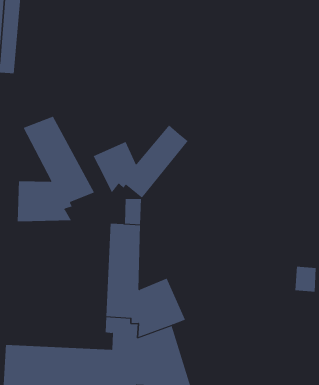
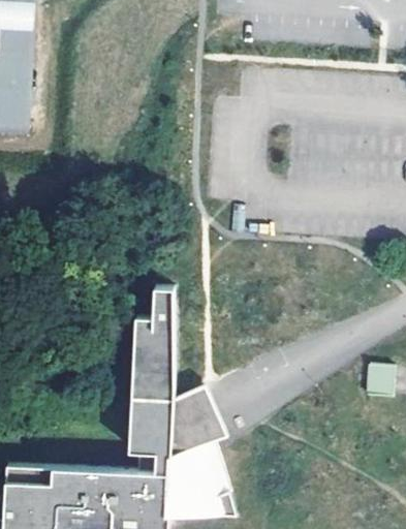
building: [17,116,95,222] -> none
building: [93,124,188,199] -> none

